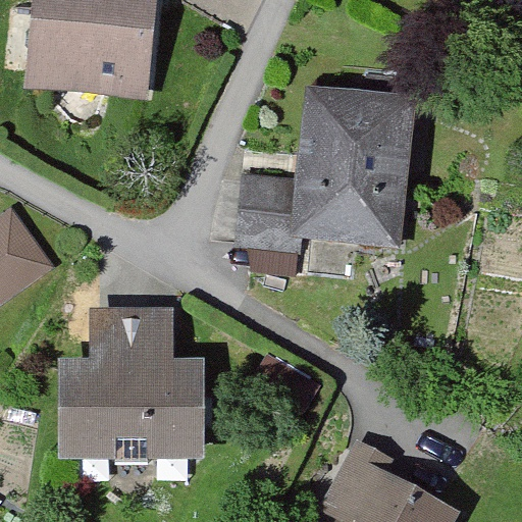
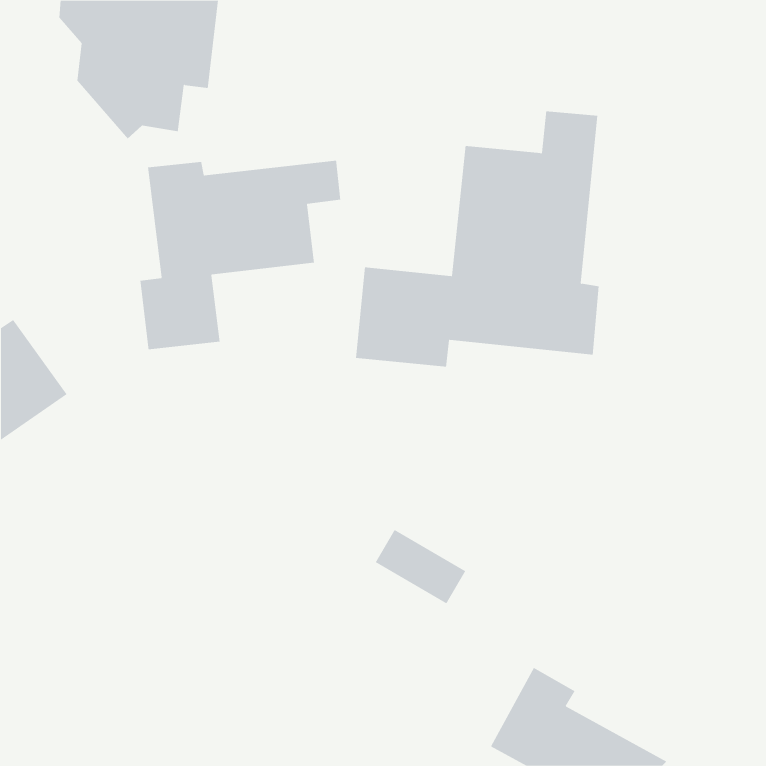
building: none -> [140,160,341,350]
building: [66,320,195,466] -> none

